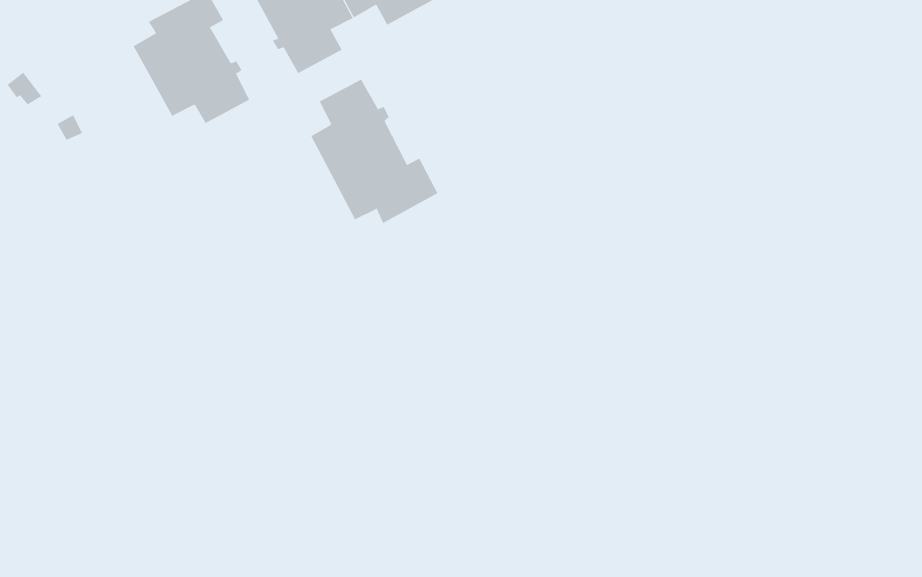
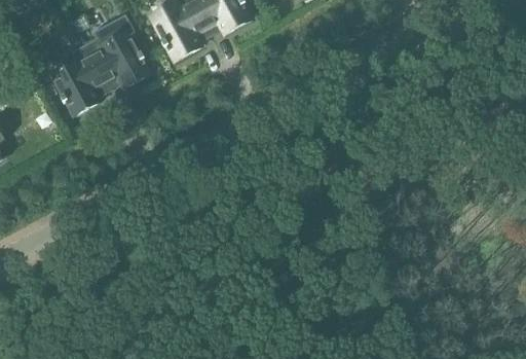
building: none -> [51,45,106,116]
building: [310,79,438,224] -> none

